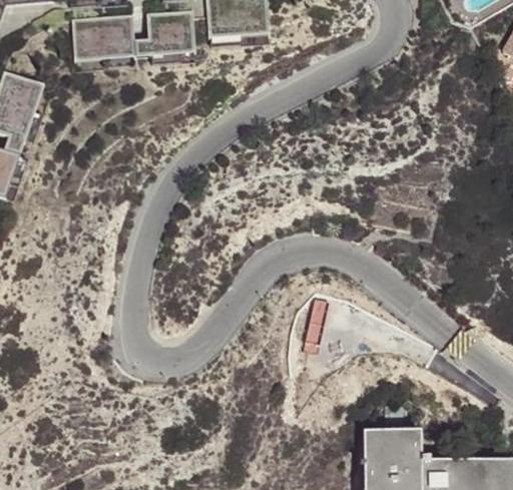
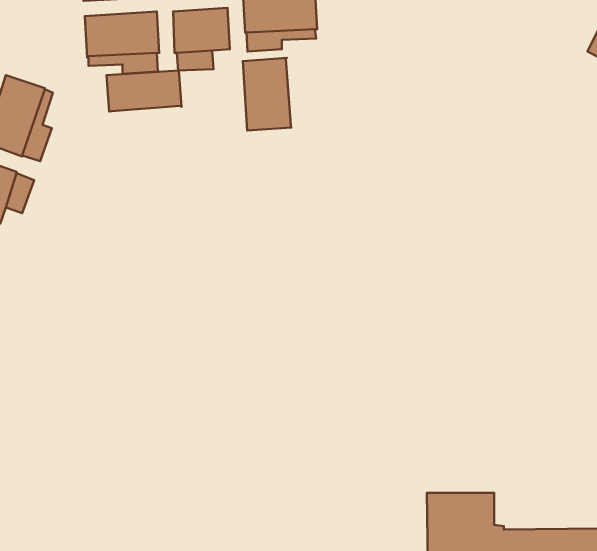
building: none -> [243,58,291,130]
building: none -> [106,70,182,111]

